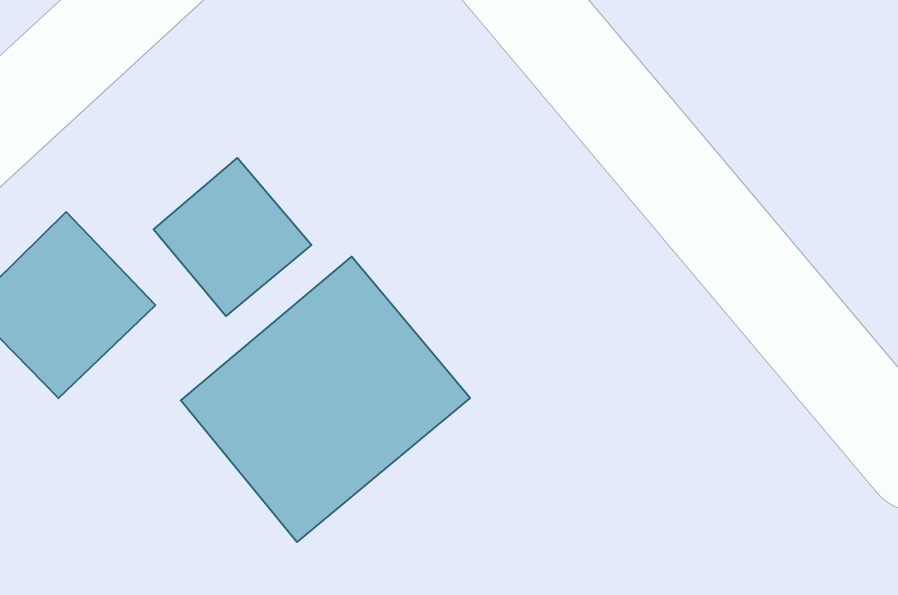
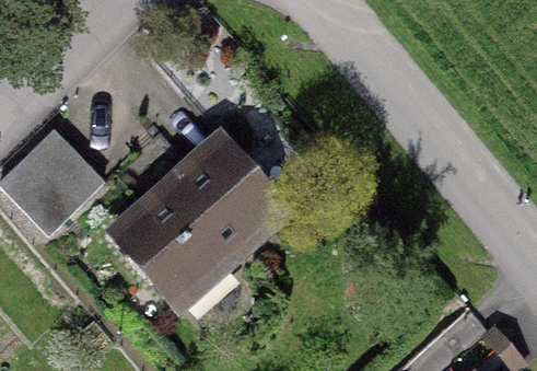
building: [154,158,311,316] -> none

